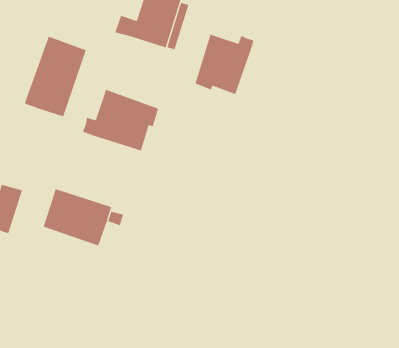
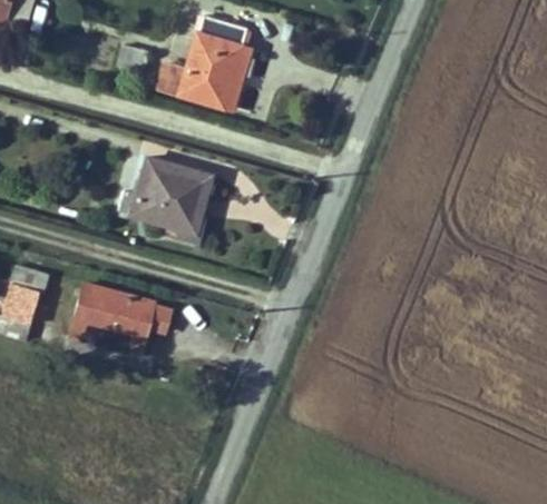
building: [195,34,254,95] -> none
building: [24,36,86,117] -> none

